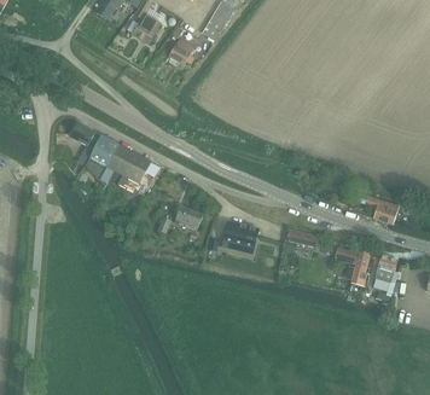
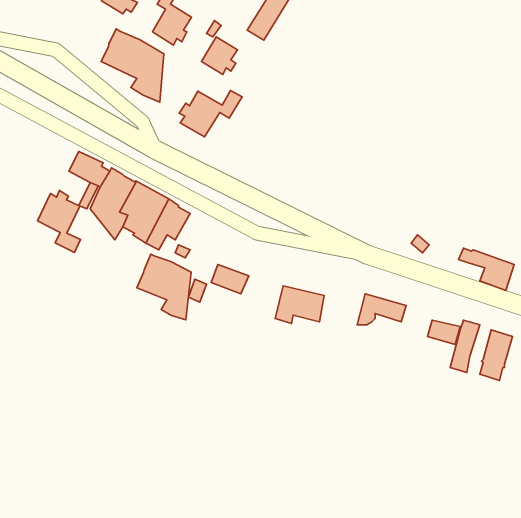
building: none -> [101,29,164,102]
building: none -> [179,91,242,137]
building: none -> [38,191,80,253]
building: none -> [137,254,191,320]

